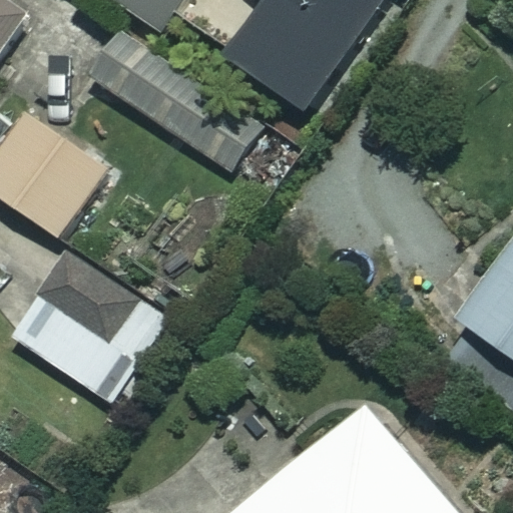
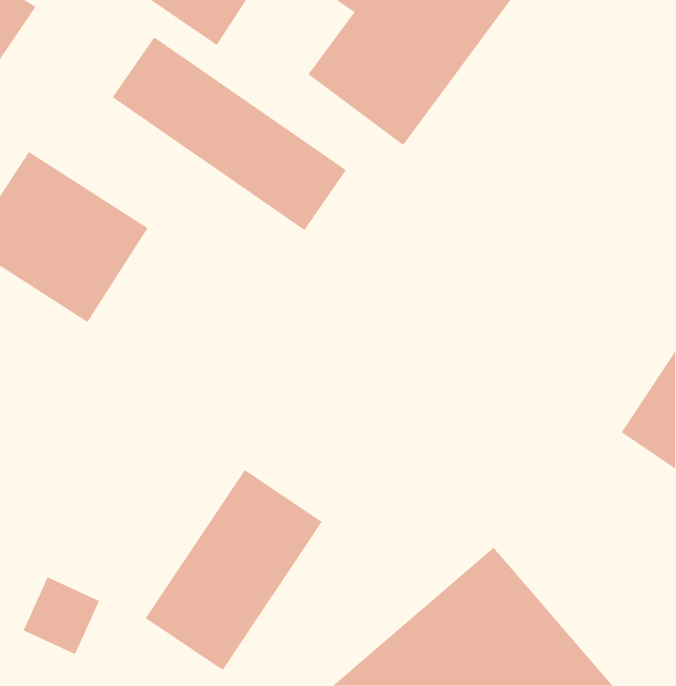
building: [9,255,166,407] -> none
building: none -> [145,469,323,671]

